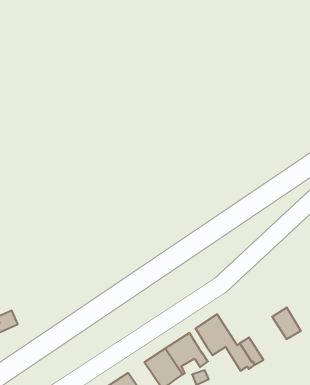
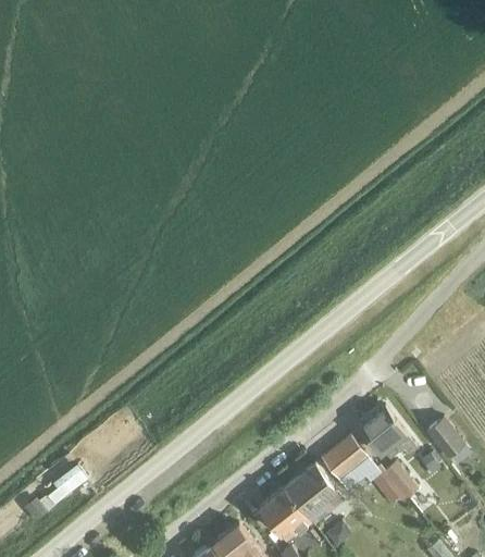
building: none -> [360,408,418,458]

